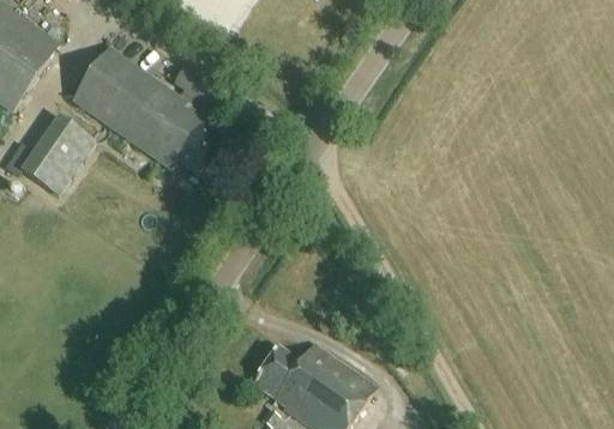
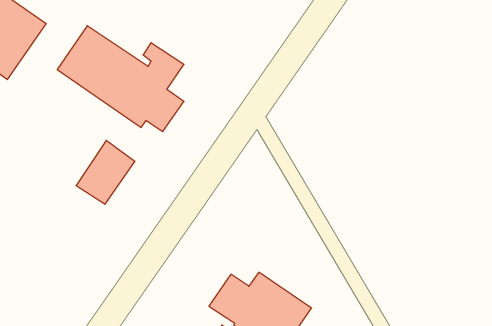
building: [19,113,90,189] -> [76,140,135,204]

